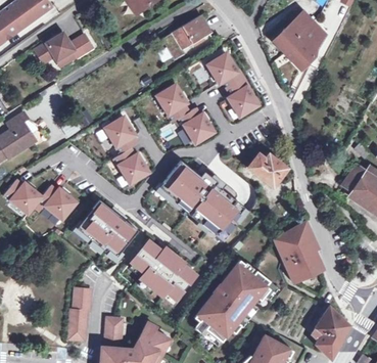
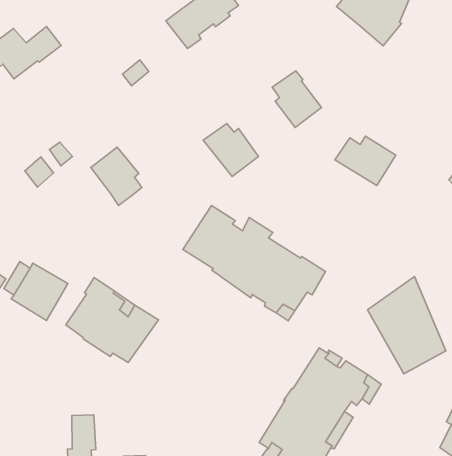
building: [207,52,243,88] -> none
building: [156,85,188,122] -> none
building: [113,148,148,184] -> none
building: [247,153,287,186] -> [335,136,396,185]
building: [131,240,196,300] -> none

